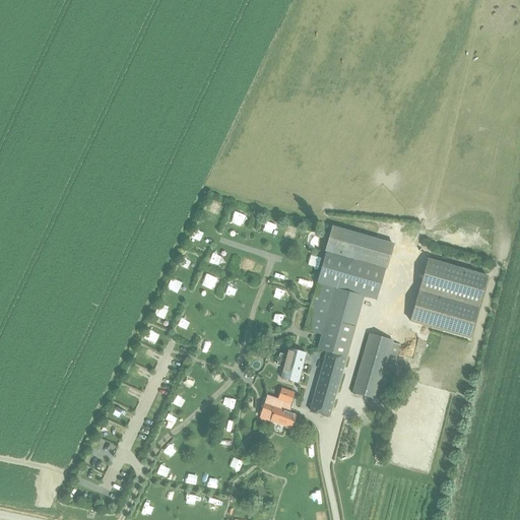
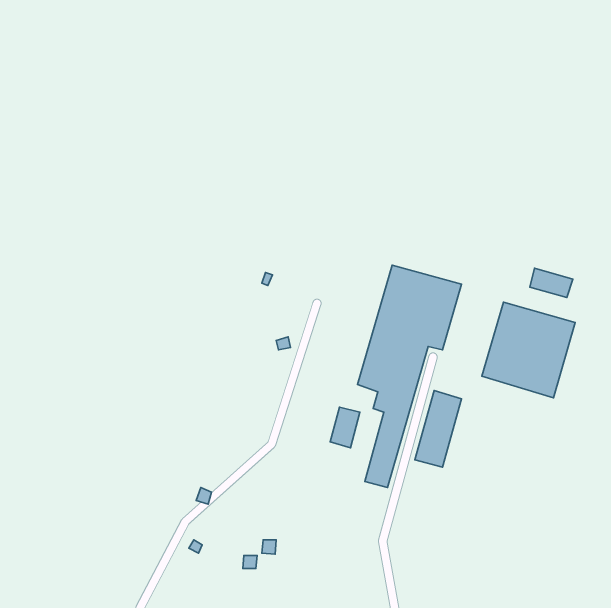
building: none -> [530,268,573,298]
building: [260,387,296,427] -> none

